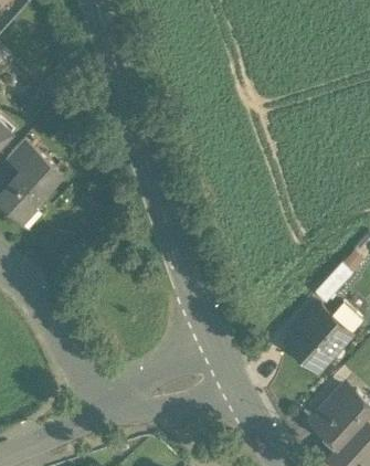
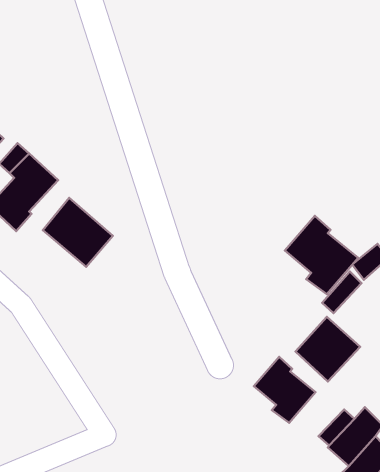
building: none -> [43,198,113,267]
building: none -> [285,216,358,294]
building: none -> [254,357,316,423]

